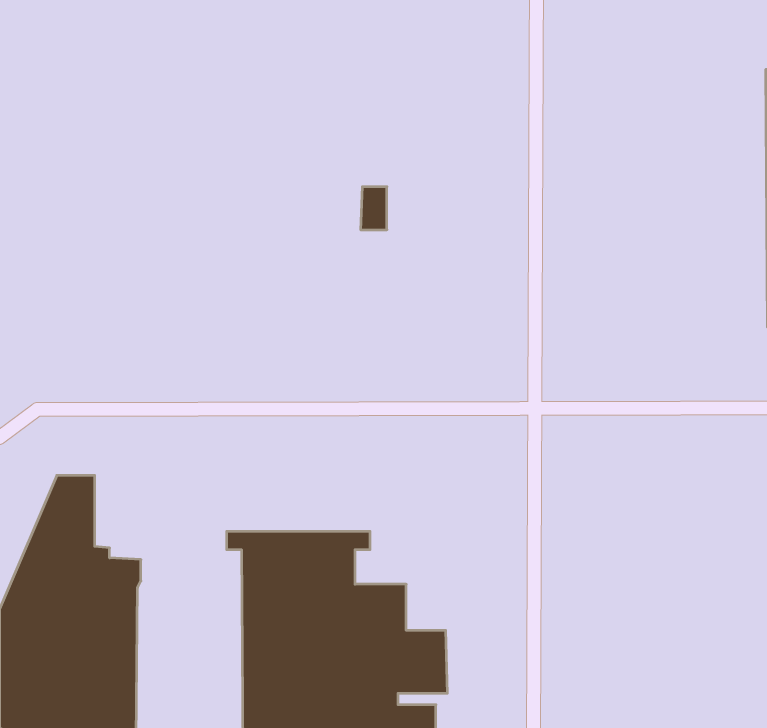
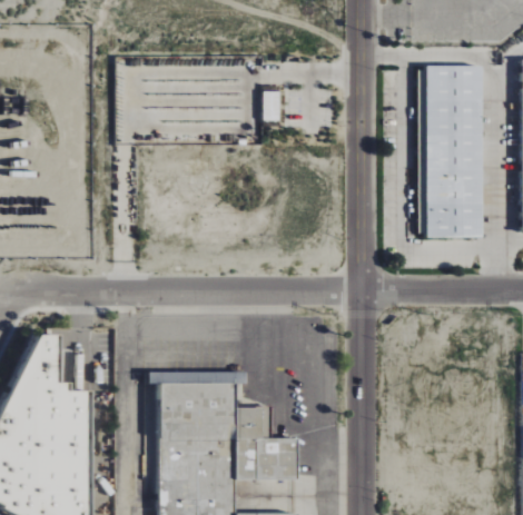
building: none -> [421,67,476,238]
building: [361,187,387,230] -> [260,92,278,121]

